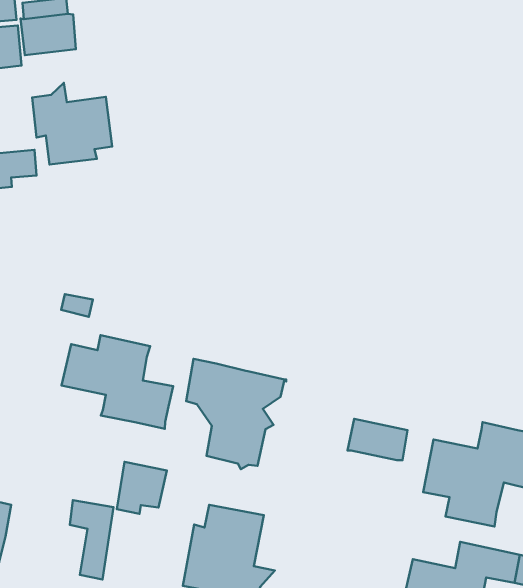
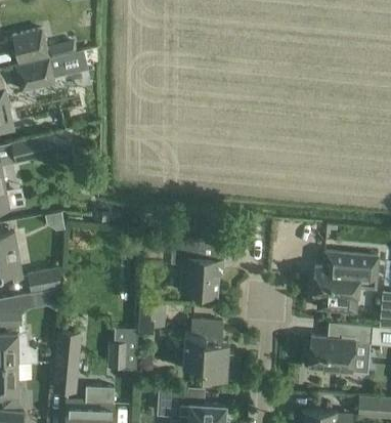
building: [32,83,112,164] -> none
building: [61,335,173,429] -> none
building: [347,419,407,460] -> none

